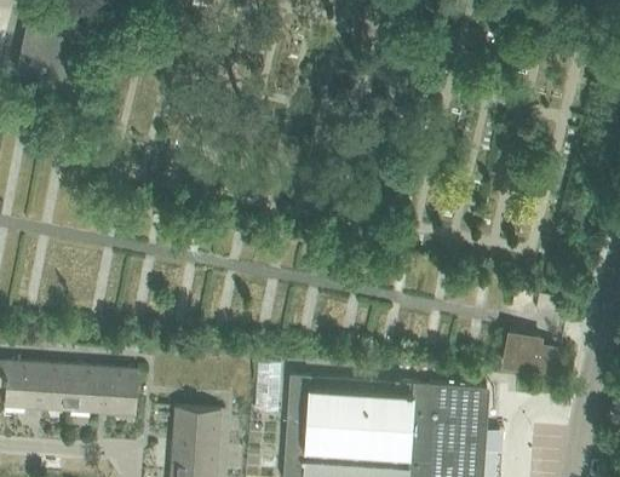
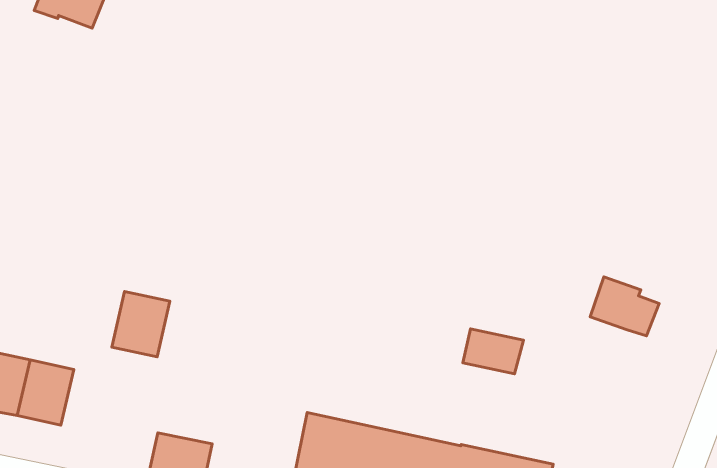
building: none -> [463,329,523,374]
building: [507,328,559,369] -> [590,277,659,336]
building: [102,368,142,415] -> [112,291,170,357]

